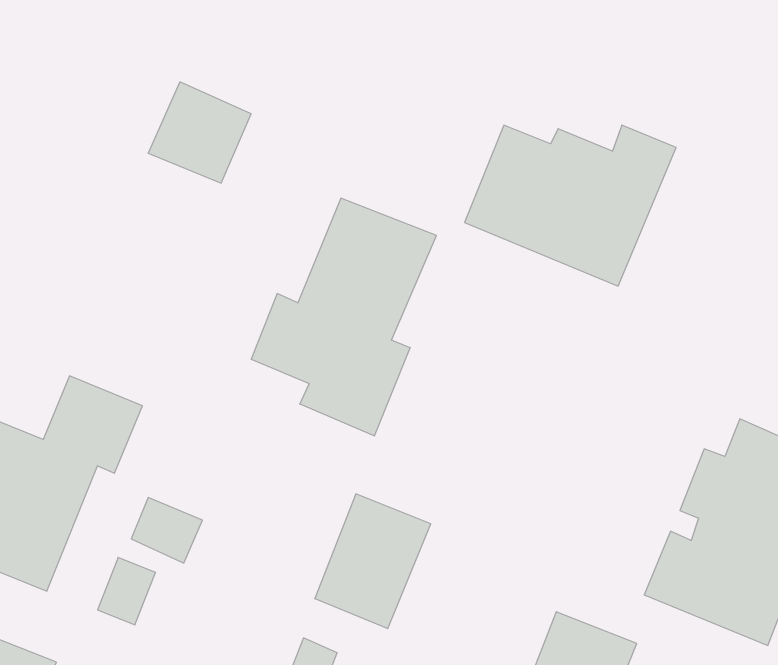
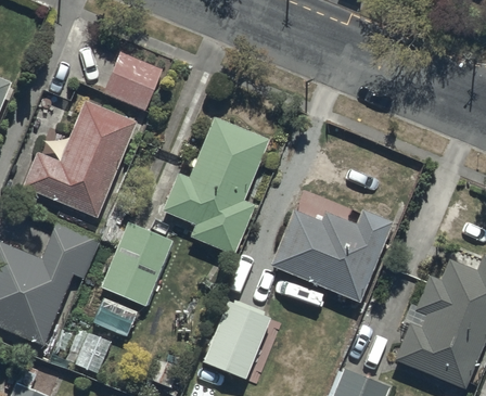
building: [465,125,676,286] -> [268,204,391,297]
building: none -> [24,107,138,225]
building: none -> [103,229,174,311]

